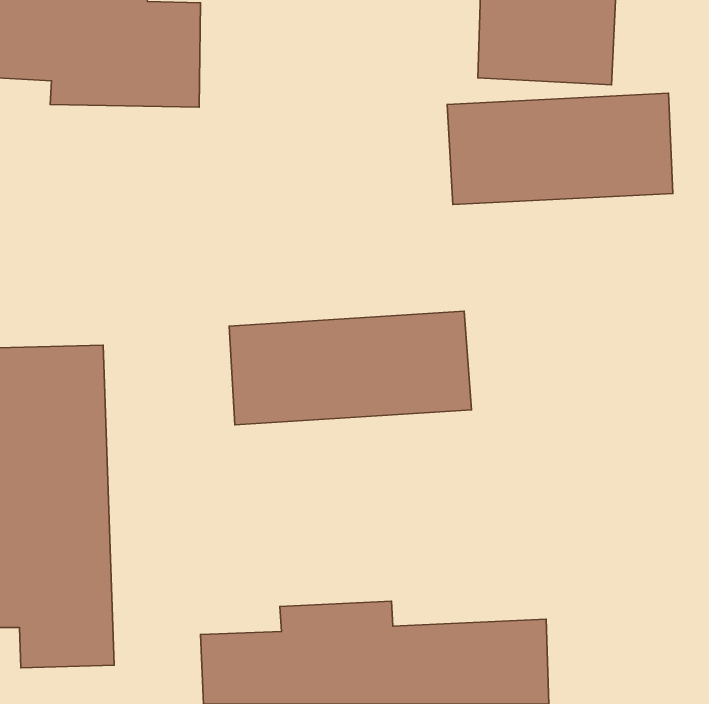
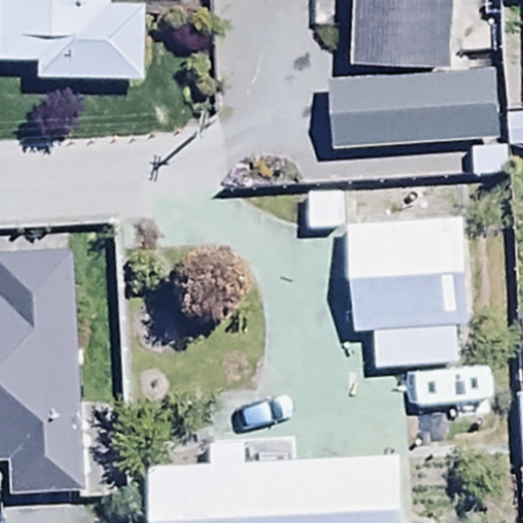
building: none -> [343,215,464,368]
building: [229,311,471,425] -> none

